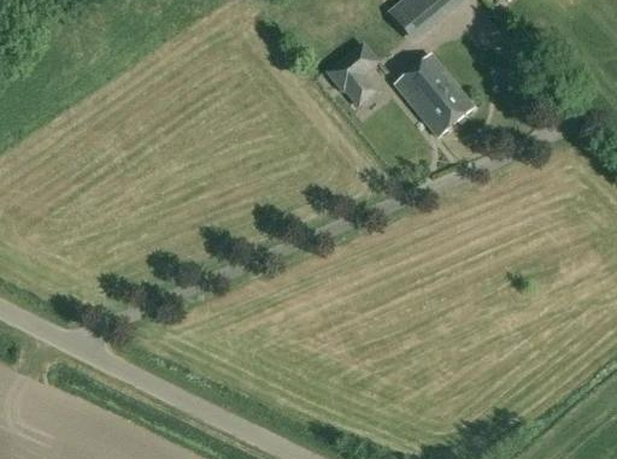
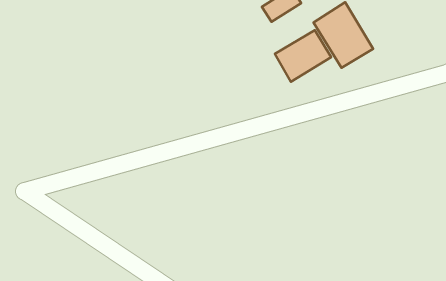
building: none -> [275,30,331,82]

